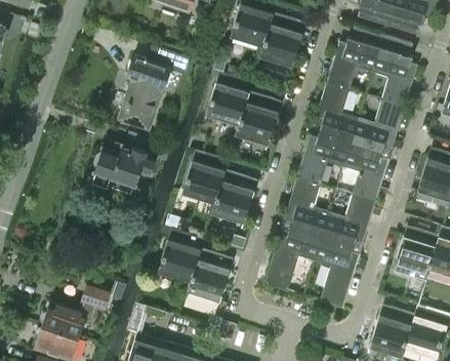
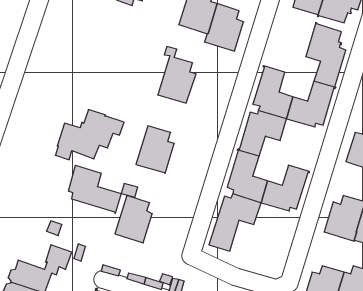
building: [325,27,383,90] -> none
building: [119,46,189,129] -> none
building: [235,92,278,146] -> none
building: [343,143,388,202] -> none
building: [210,170,254,224] -> none
building: none -> [69,165,121,213]
building: [314,237,359,309] -> none
building: [187,249,230,303] -> none

